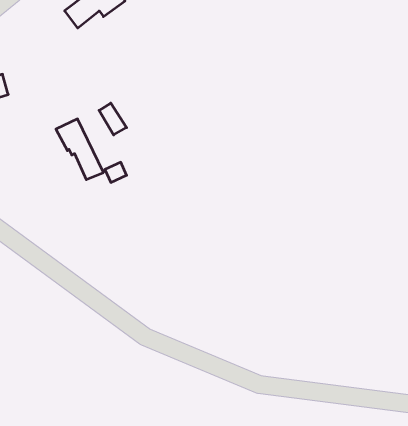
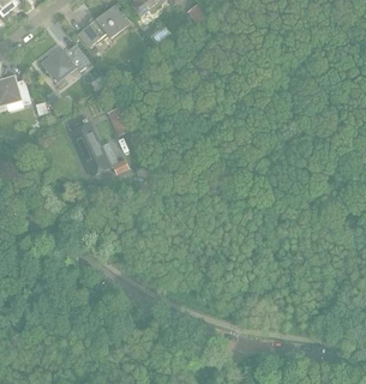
building: none -> [41,46,85,85]

